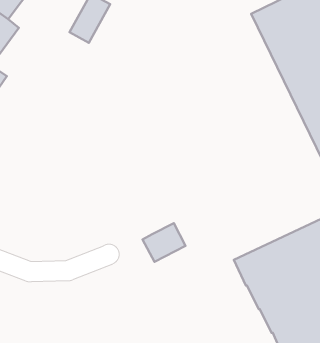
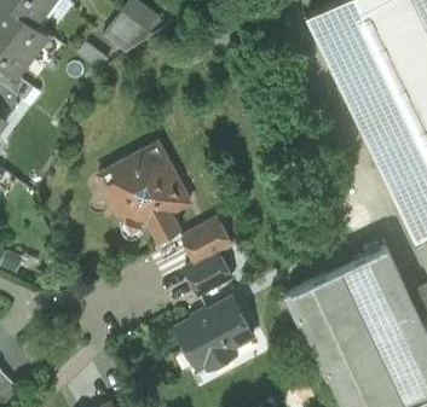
building: none -> [104,153,184,245]
building: none -> [181,221,231,267]
building: none -> [177,302,253,371]

